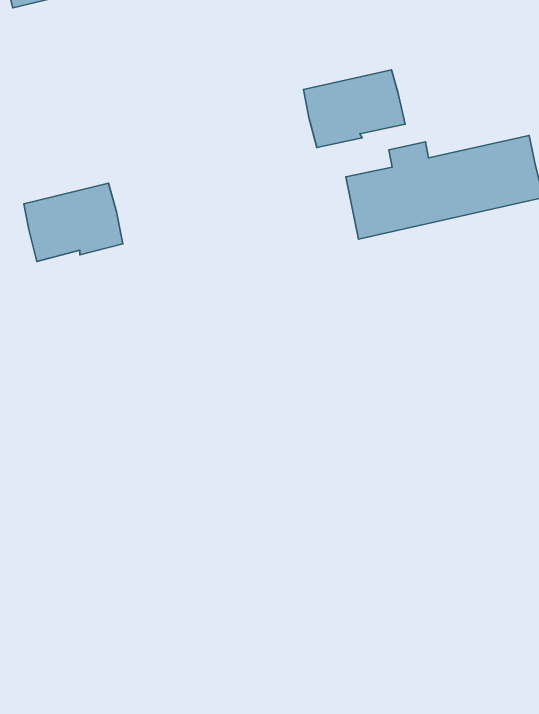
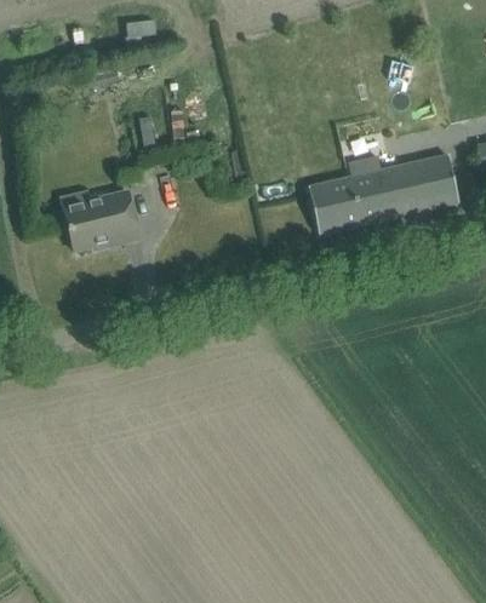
building: [303,70,405,147] -> none

